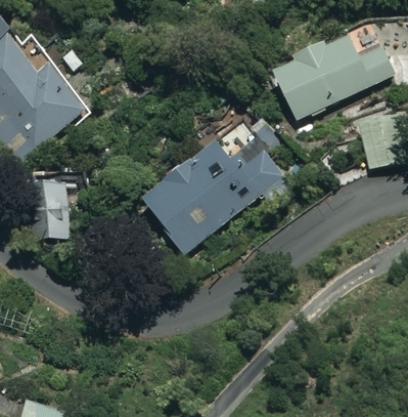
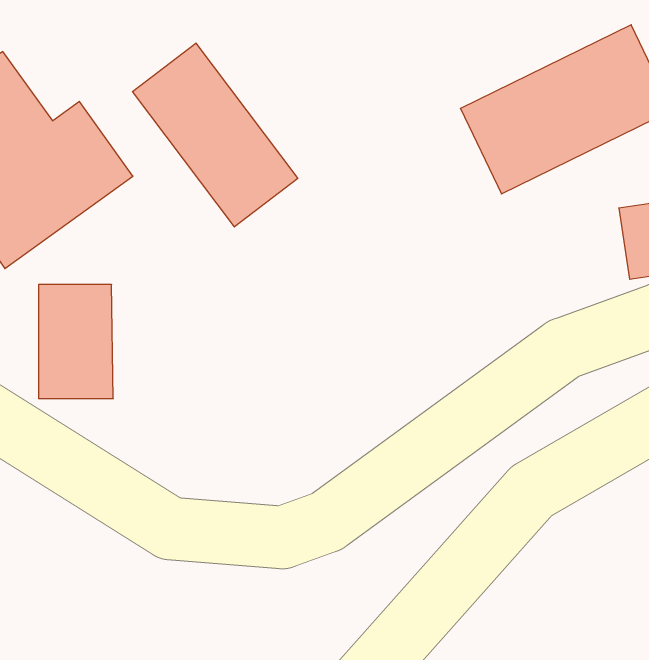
building: none -> [133,43,298,227]
building: [143,140,281,251] -> none

